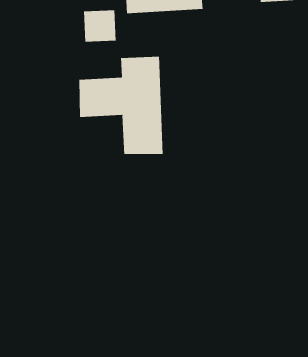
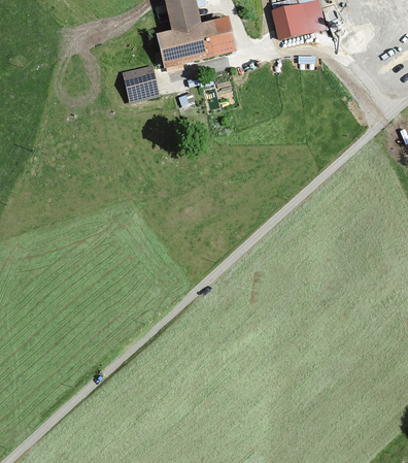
building: [79,56,163,155] -> none

